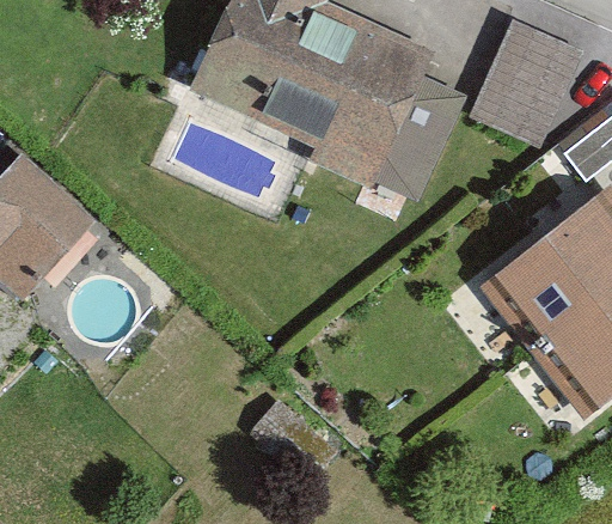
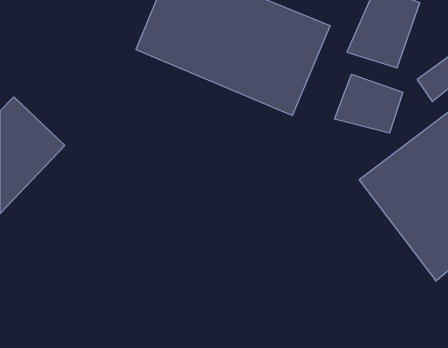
building: none -> [335,74,403,133]

